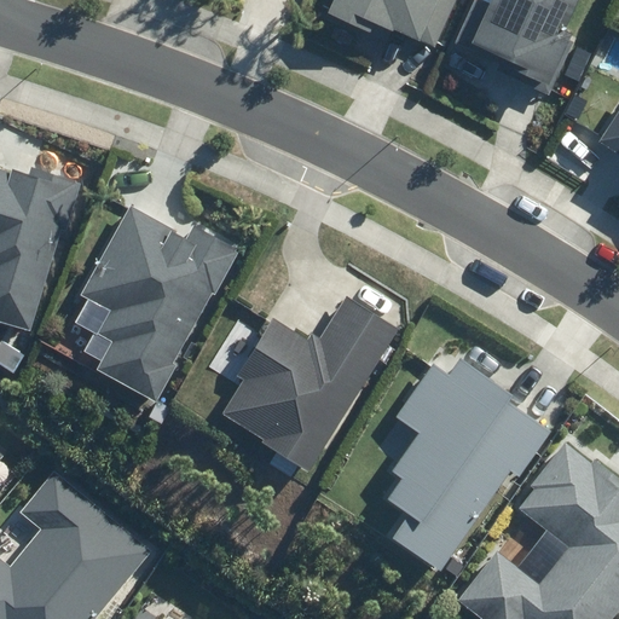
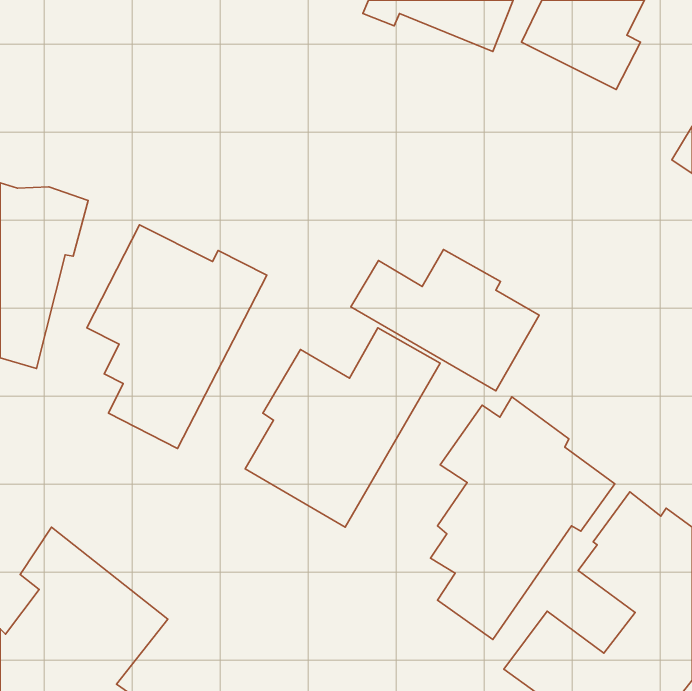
building: none -> [351,249,539,391]

